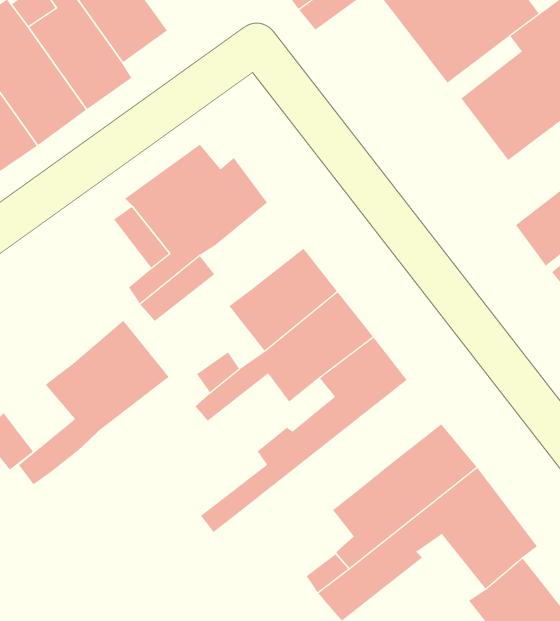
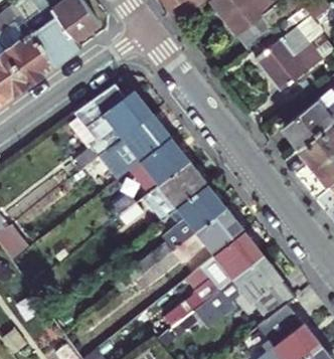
building: none -> [124,115,171,161]
building: [18,320,170,485] -> none
building: none -> [137,209,244,289]

